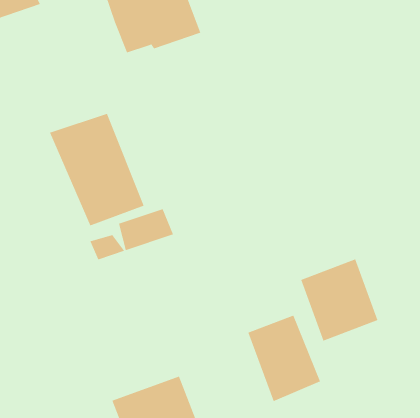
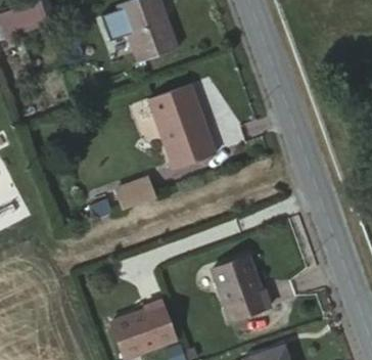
building: [49,113,144,226] -> [149,84,221,169]
building: [301,258,378,341] -> none

